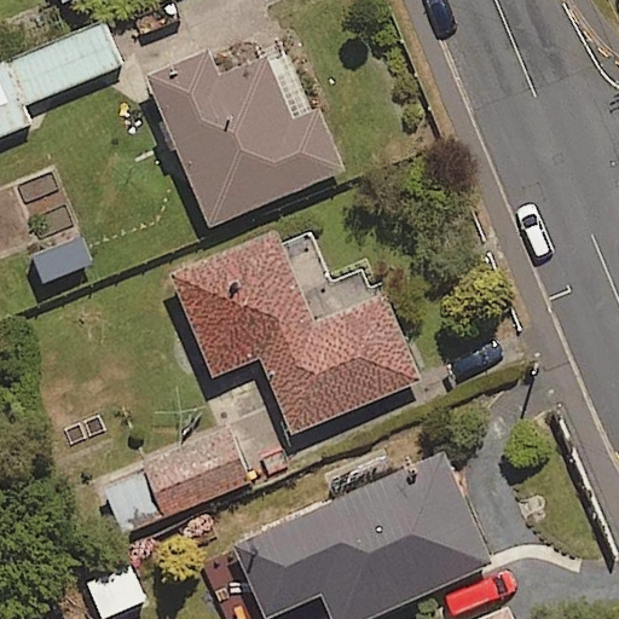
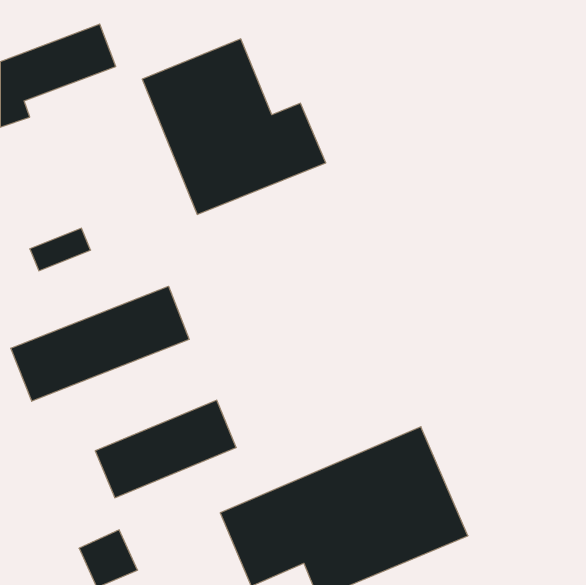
building: [172,230,422,433] -> none
building: none -> [11,286,189,401]

